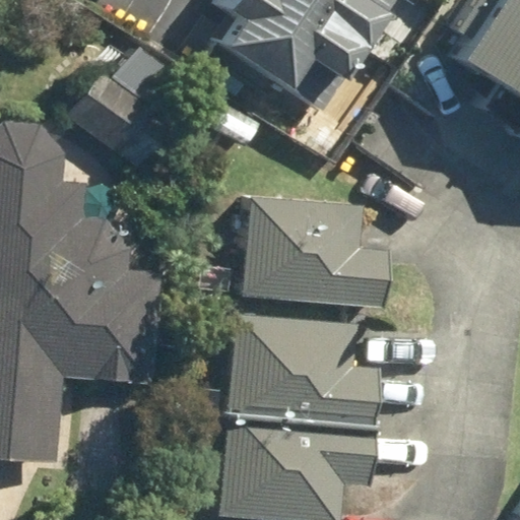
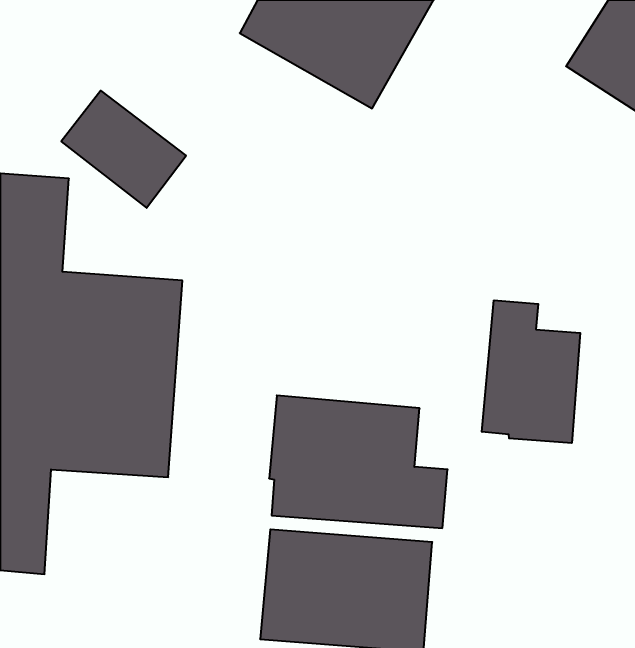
building: [230,195,387,309] -> none
building: none -> [482,300,580,443]

